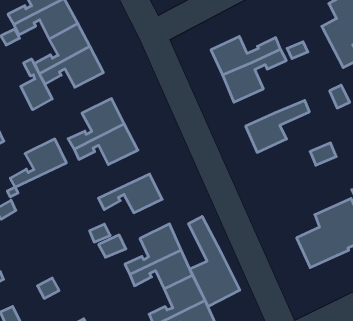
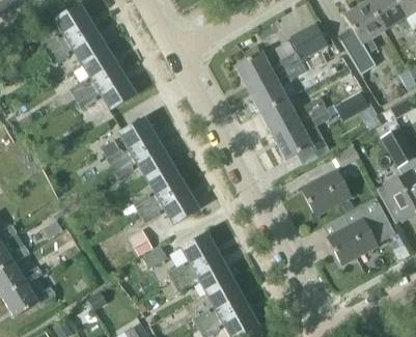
building: none -> [289,23,329,60]
building: [21,59,52,110] -> none
building: none -> [260,96,327,135]
building: [10,139,66,187] -> [134,164,186,212]
building: none -> [302,169,351,215]
building: [189,216,240,306] -> none

